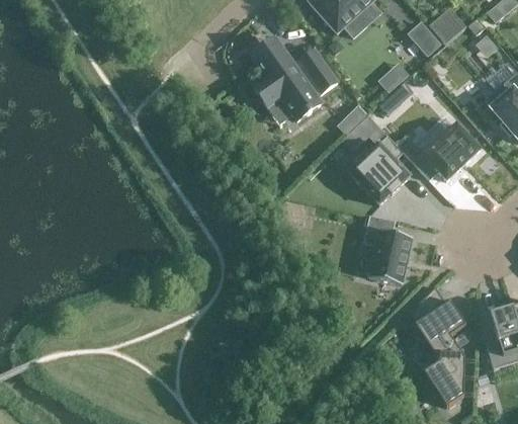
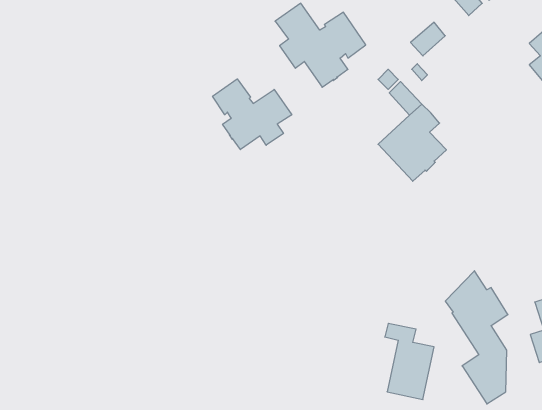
building: none -> [213,79,292,150]
building: [395,123,479,180] -> none
building: [366,215,411,283] -> [385,323,434,400]

